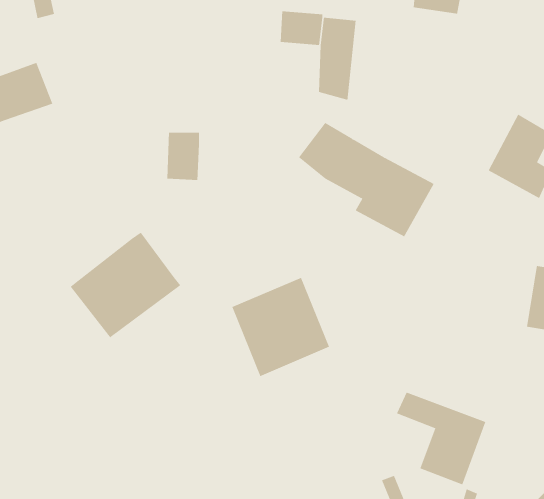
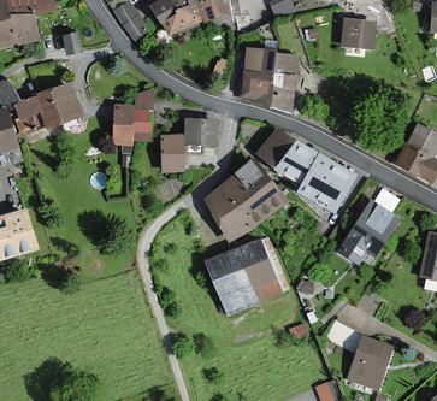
building: none -> [241,70,272,106]
building: none -> [112,88,152,145]
building: none -> [185,119,217,143]
building: none -> [338,200,400,263]
building: [70,232,181,338] -> [205,160,285,237]

